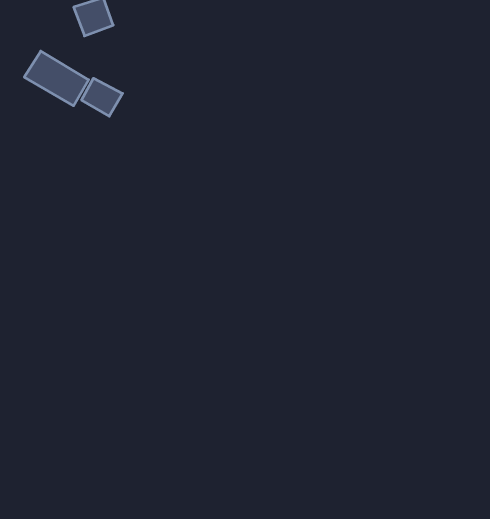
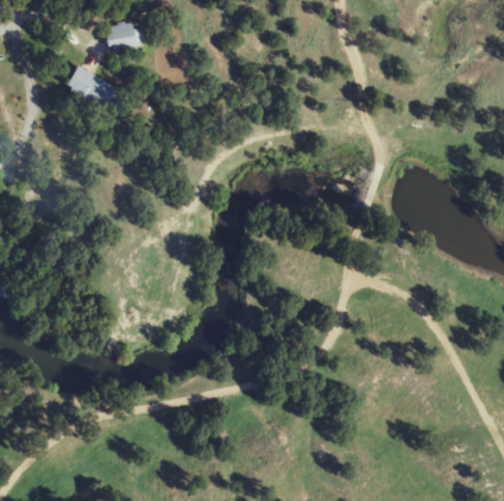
building: [82,78,123,116] -> none

